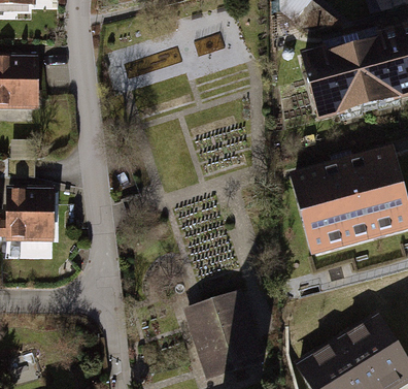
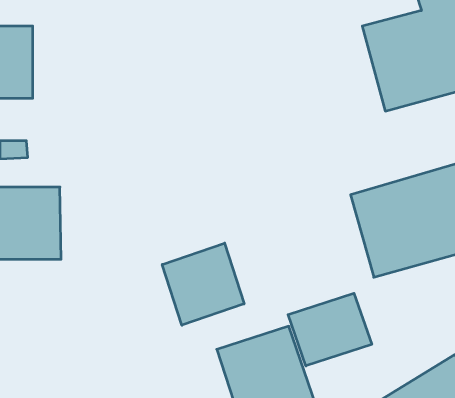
building: none -> [162,243,244,325]
building: none -> [288,293,372,366]

